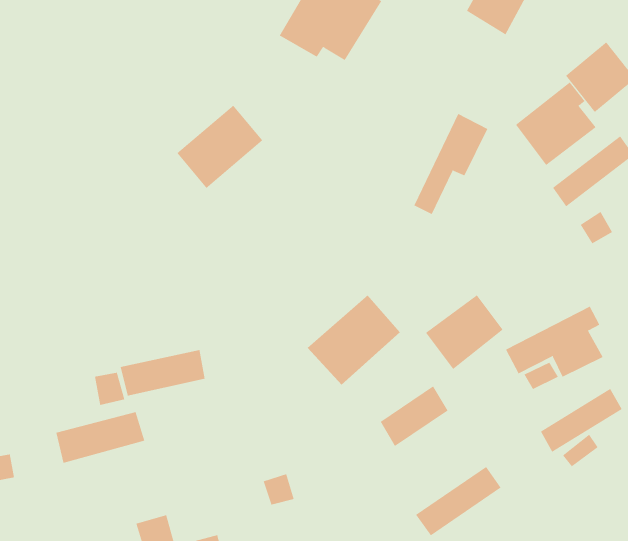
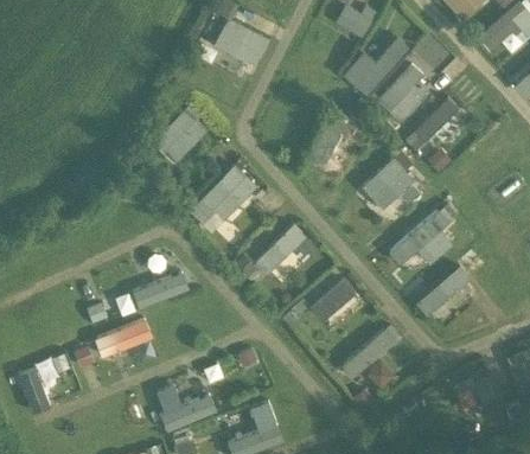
building: none -> [343,36,407,94]
building: none -> [187,162,258,234]
building: [425,294,503,370] -> [360,156,413,209]

